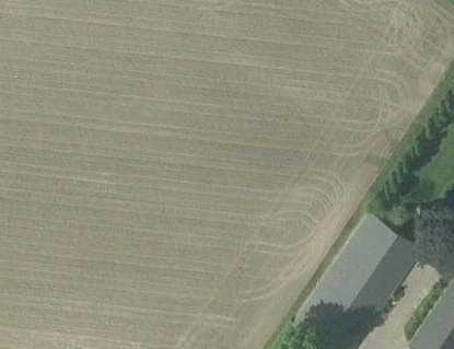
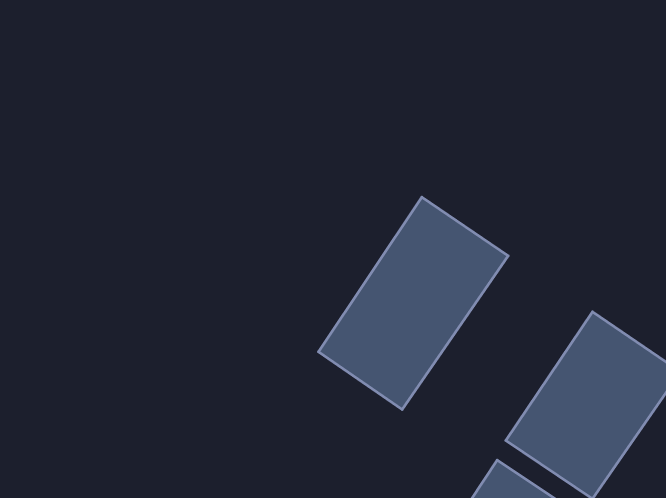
building: none -> [318,197,508,410]

